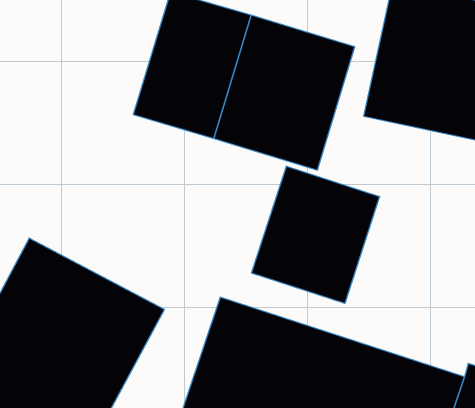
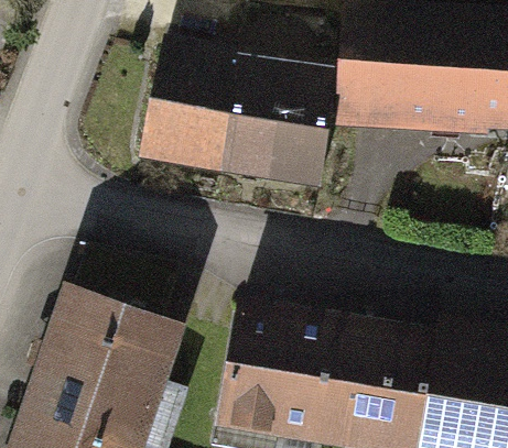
building: [252,166,380,303] -> none

